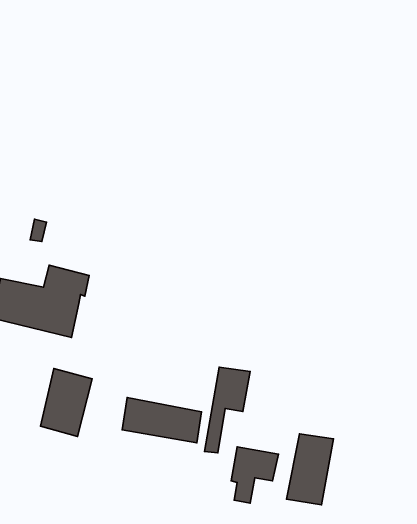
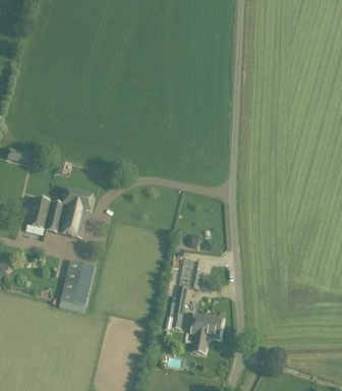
building: [122,397,201,443] -> none
building: [286,434,333,505] -> none

